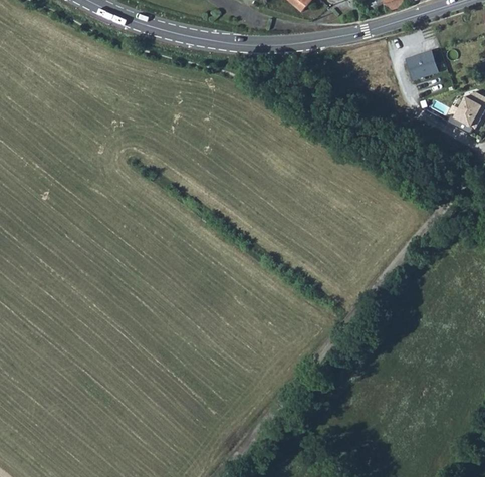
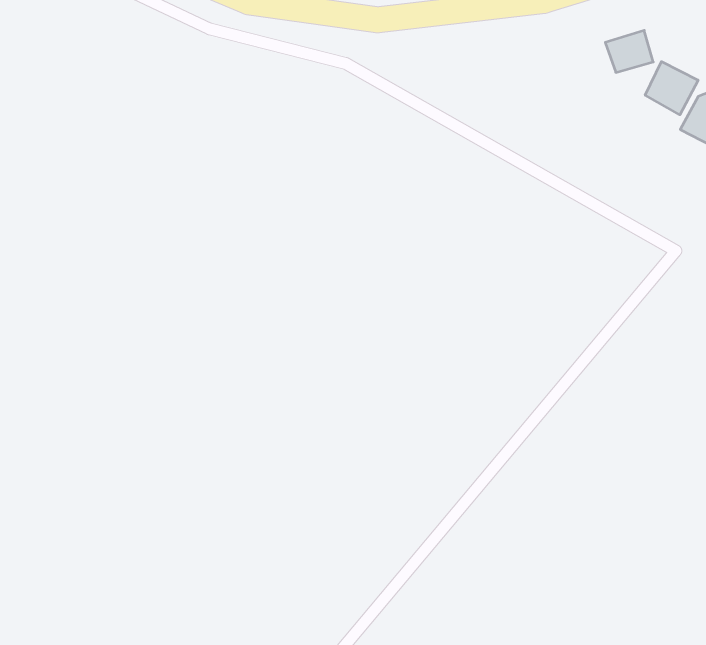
building: none -> [645,62,698,115]

